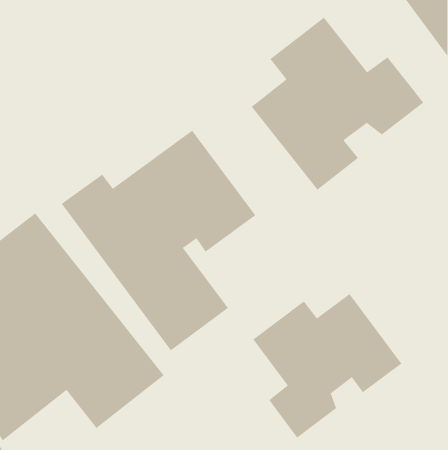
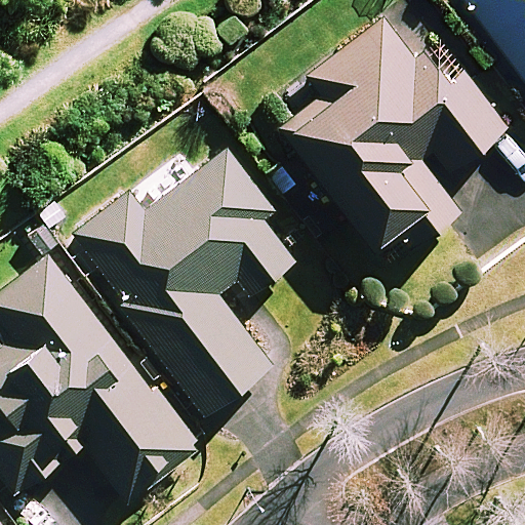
building: [253,293,402,439] -> none

